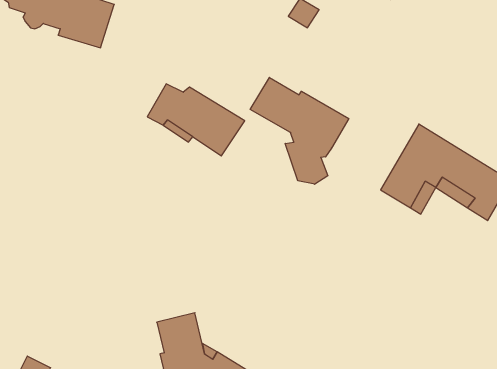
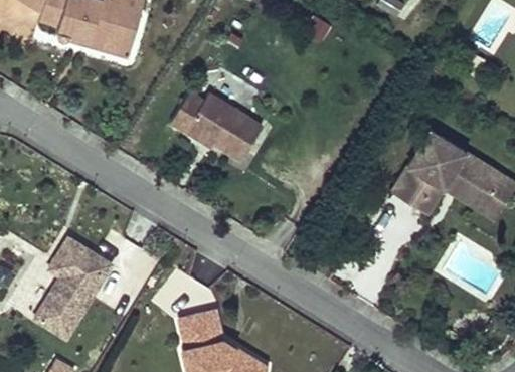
building: [250,77,349,184] -> none
building: none -> [35,239,112,340]

